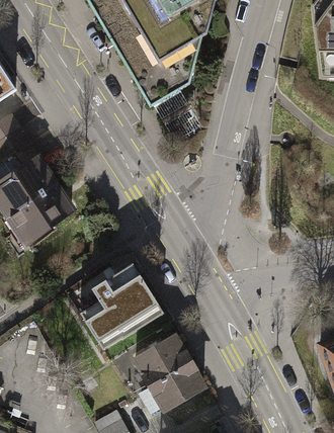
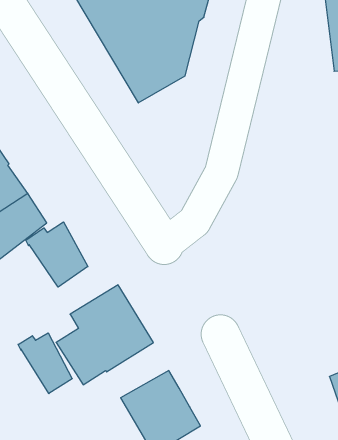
building: none -> [26,222,88,287]
building: none -> [18,333,72,394]

